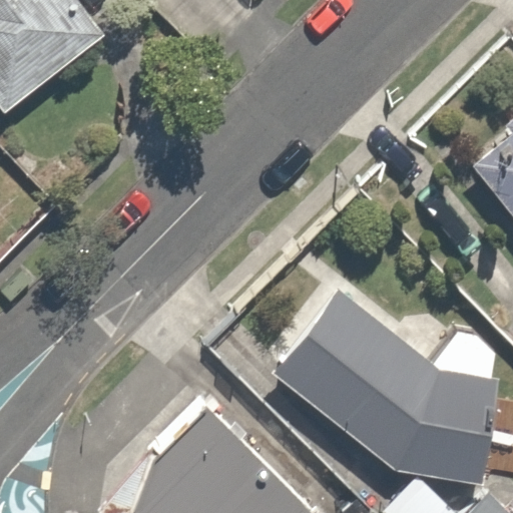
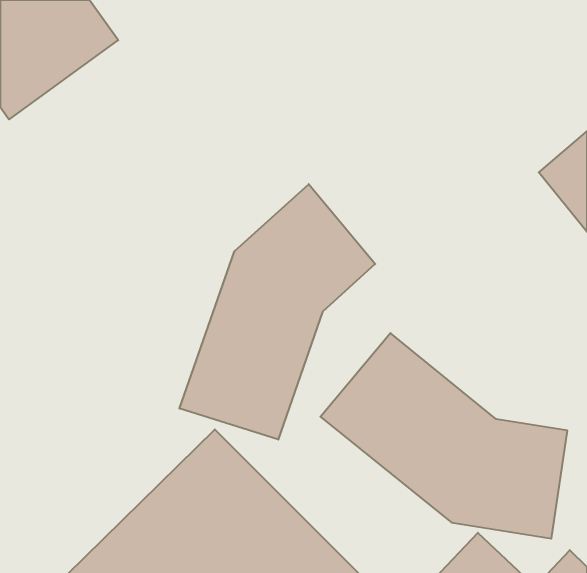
building: none -> [179,184,375,440]

